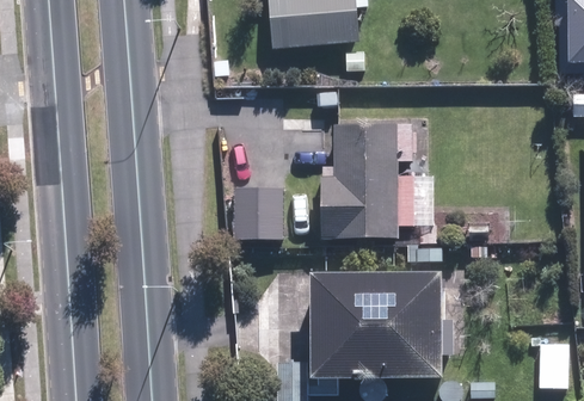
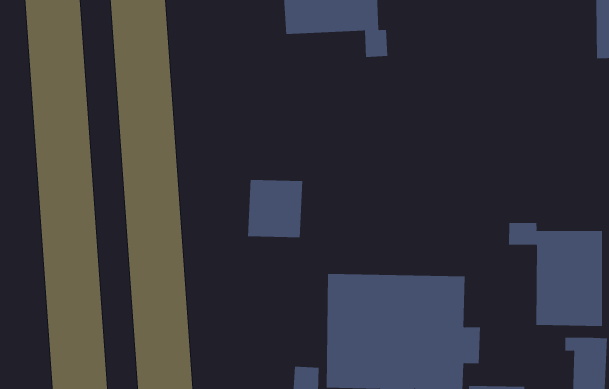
building: [318,123,432,243] -> none
building: none -> [508,222,602,327]

